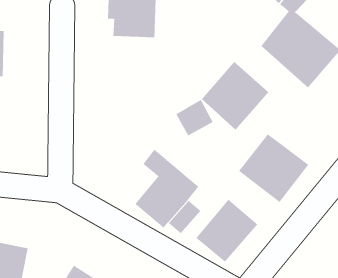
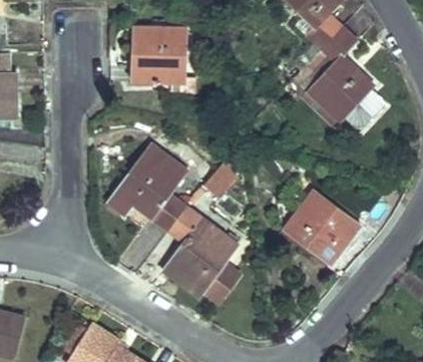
building: [201,61,269,131] -> none
building: none -> [108,135,193,224]
building: [195,199,258,263] -> none

